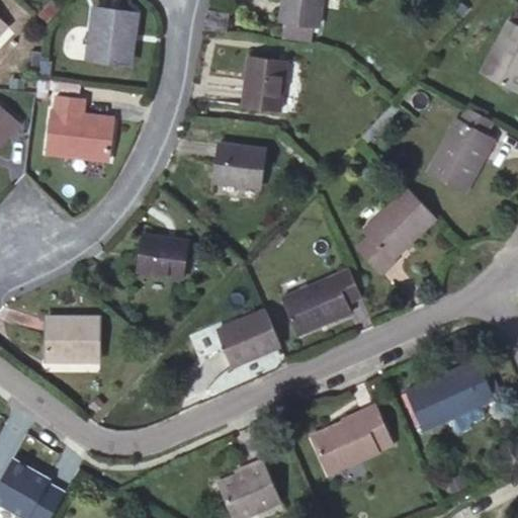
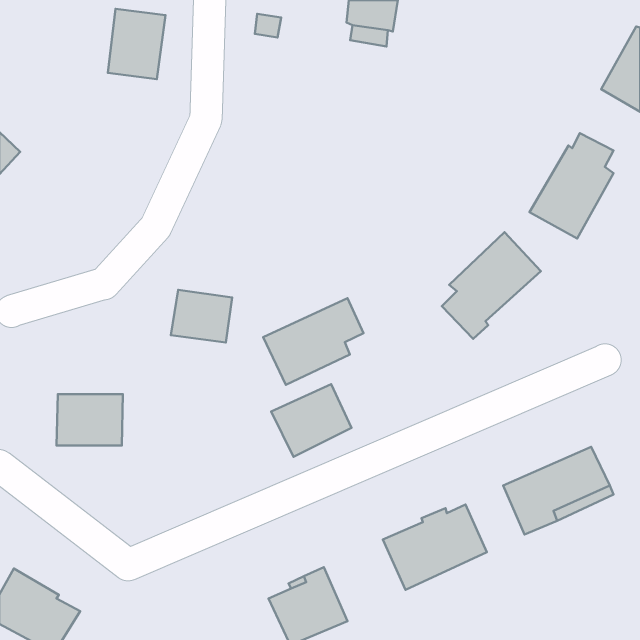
building: [243,57,285,111] -> none
building: [46,97,112,160] -> none
building: [213,145,264,187] -> none
building: [282,266,363,336] -> [263,298,364,385]

